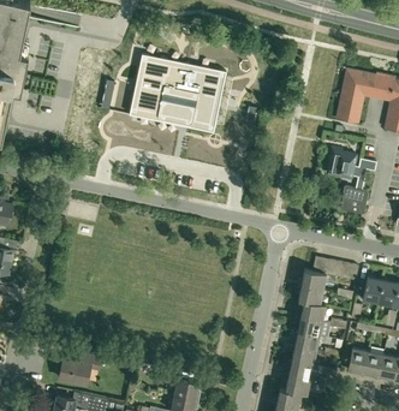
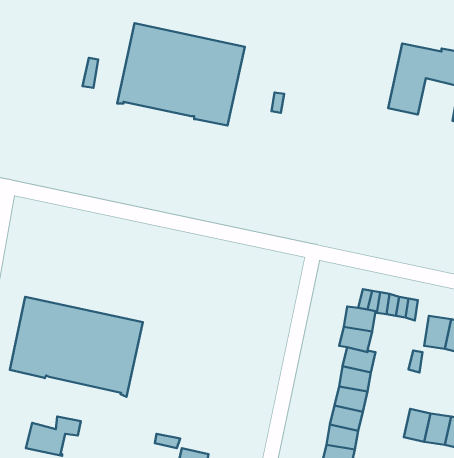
building: [328,148,376,215] -> none
building: none -> [10,297,143,397]

